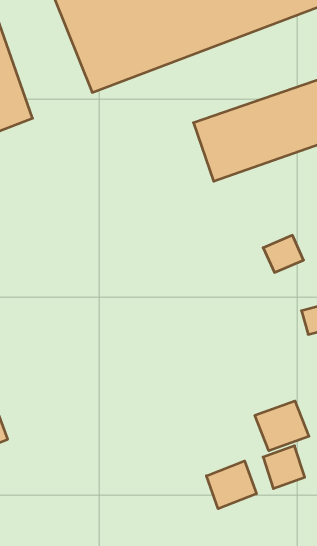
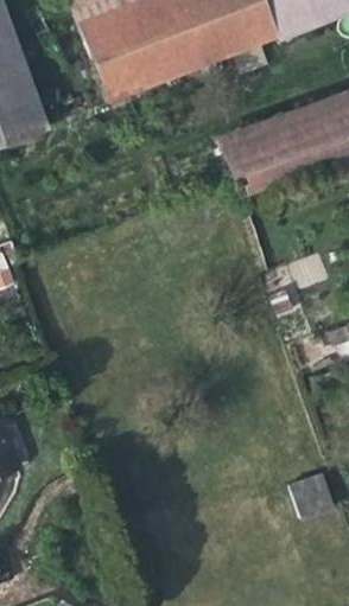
building: [255,401,309,451] -> none
building: [206,461,256,509] -> none

